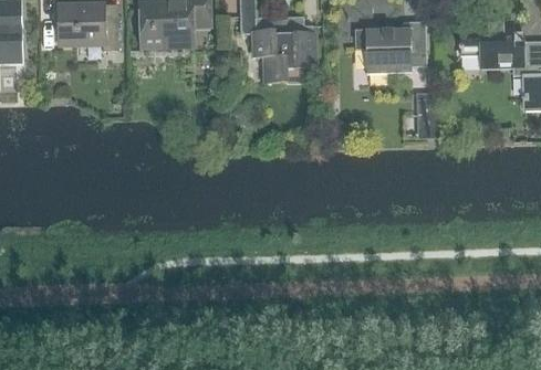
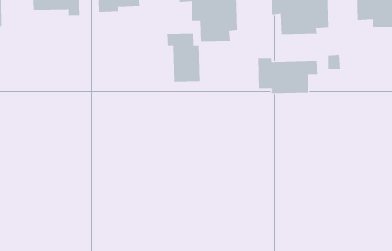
building: none -> [167,33,200,83]
building: none -> [258,58,318,94]

